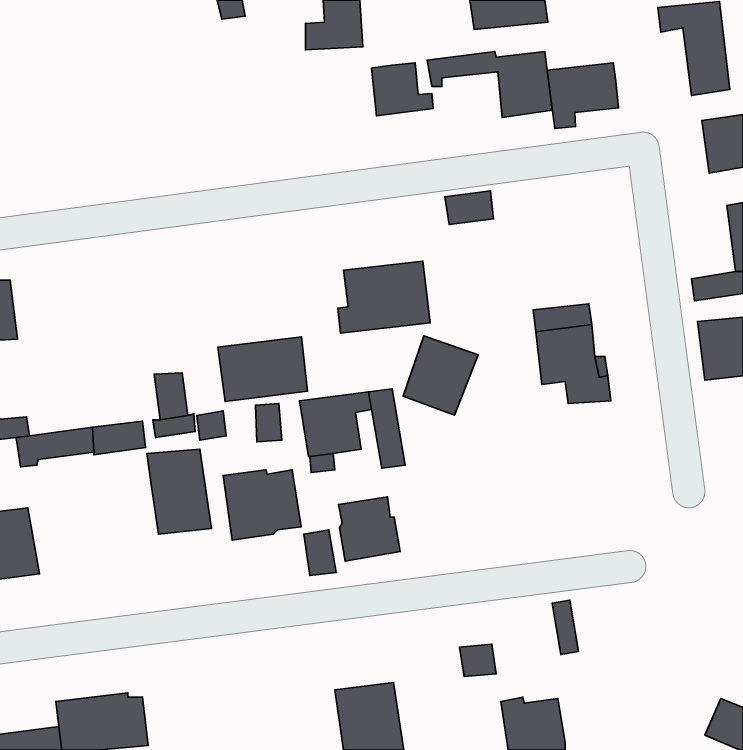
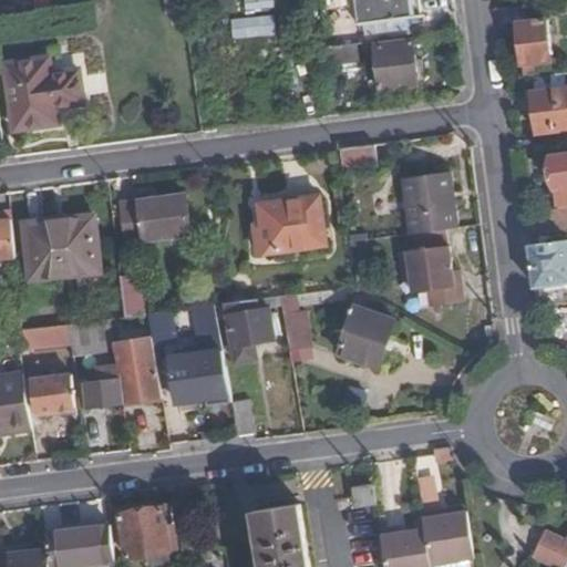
building: [547,63,618,129] -> none
building: [372,63,433,116] -> none
building: none -> [4,54,84,131]
building: none -> [398,157,451,219]
building: none -> [22,216,100,287]
building: [403,336,478,415] -> [338,307,394,367]
building: [218,337,308,401] -> [124,196,192,245]
building: none -> [82,365,120,408]
building: [339,497,400,561] -> none
building: none -> [31,379,75,414]
building: none -> [116,507,165,558]
building: none -> [419,509,471,560]

